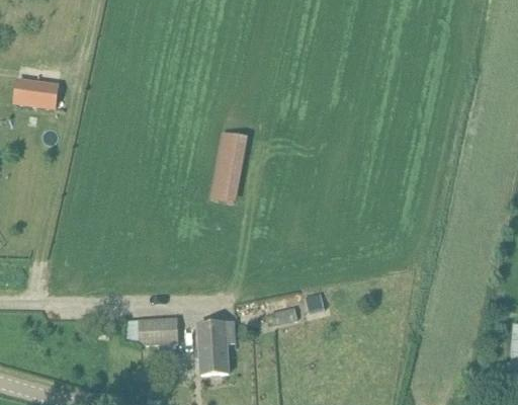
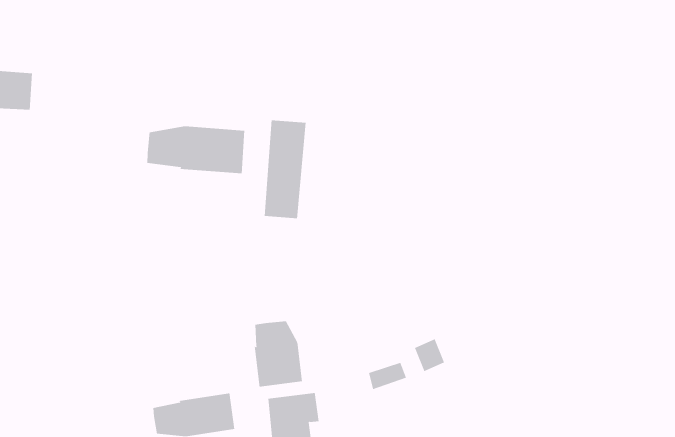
building: none -> [147,126,245,174]
building: none -> [254,320,302,388]

